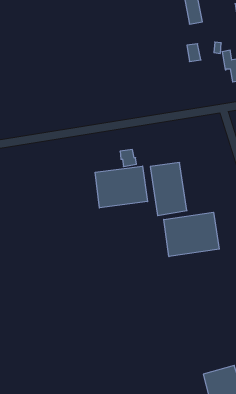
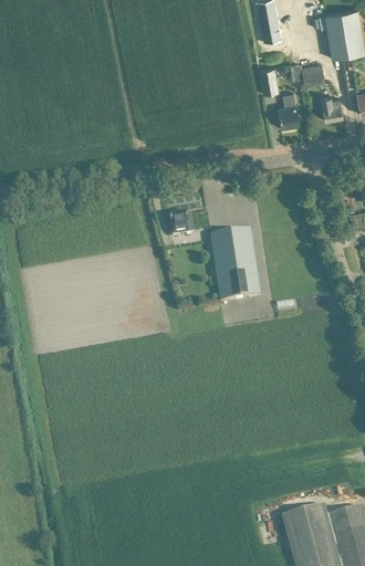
building: none -> [278,94,300,127]
building: [95,166,148,208] -> none
building: [164,212,219,257] -> none

